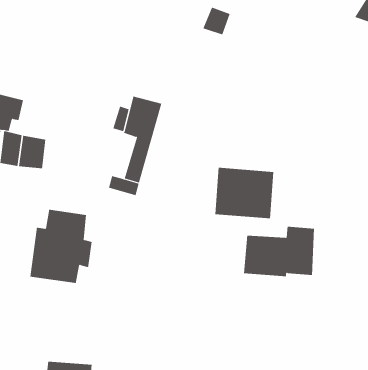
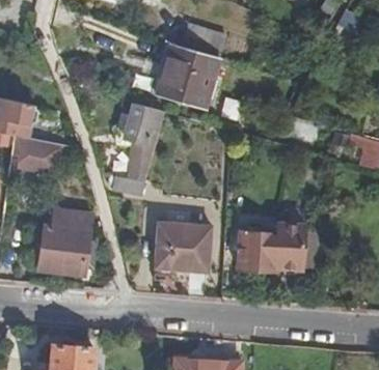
building: none -> [157,42,221,109]
building: [215,167,274,219] -> [155,223,210,271]

